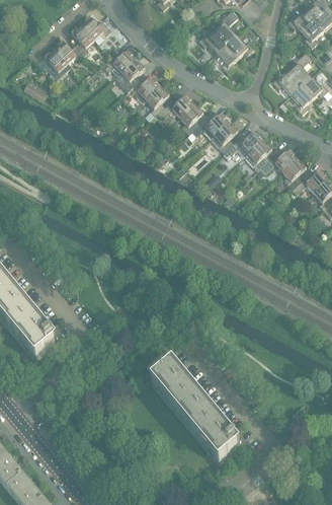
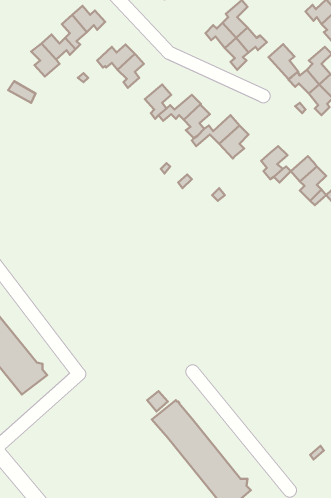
building: none -> [268,44,298,79]
building: [130,74,160,99] -> none
building: [221,129,263,155] -> none

